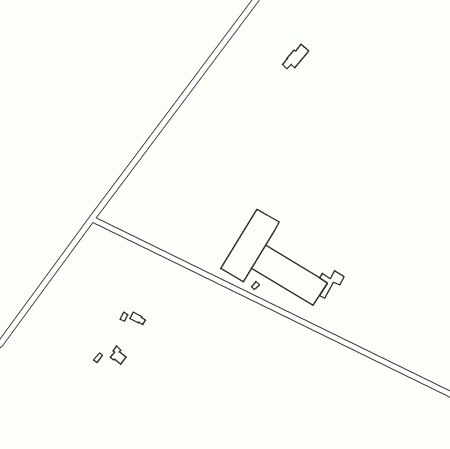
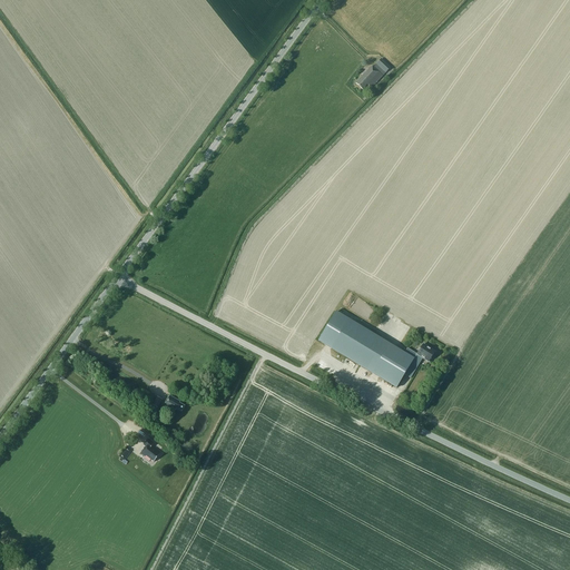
building: [221,209,279,282] -> none

